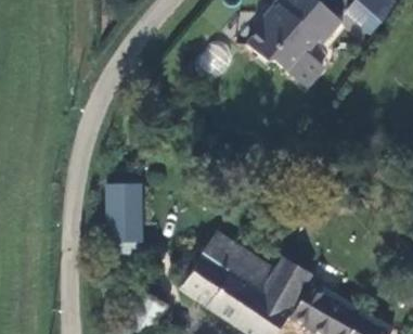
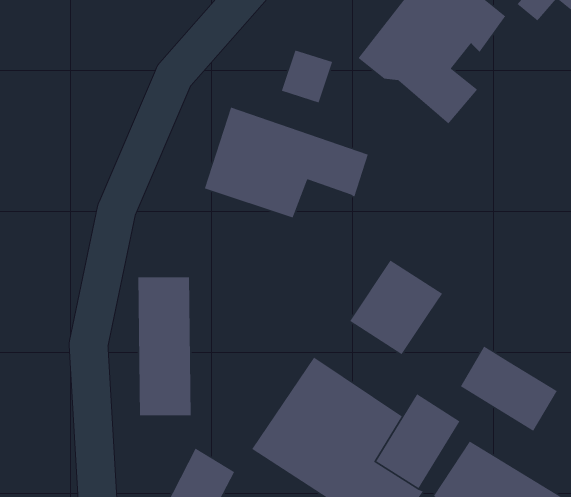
building: none -> [204,107,369,219]
building: none -> [349,259,443,355]
building: none -> [460,346,558,432]

